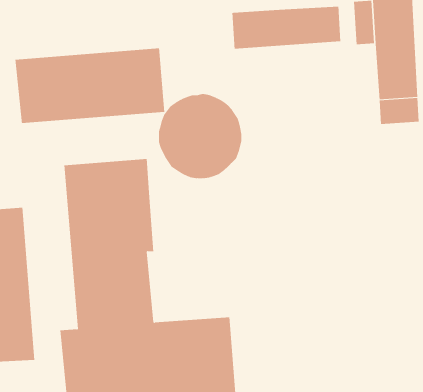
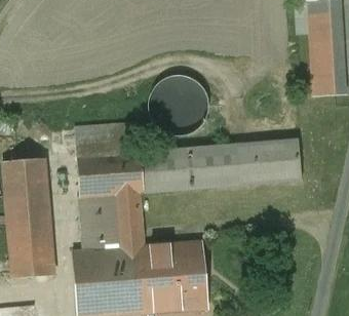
building: [232,6,341,49] -> none
building: [15,48,165,124] -> none
building: none -> [141,139,302,193]

